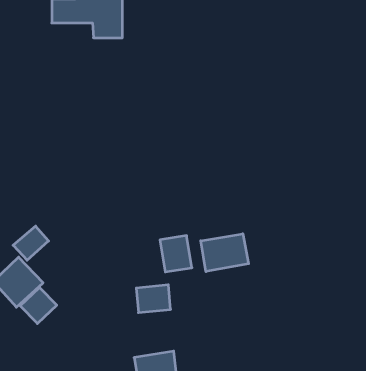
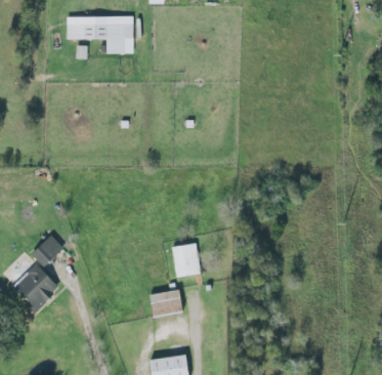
building: [201,234,249,272] -> none
building: [20,287,57,324] -> none

